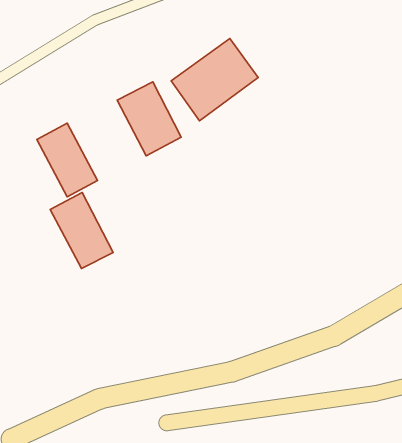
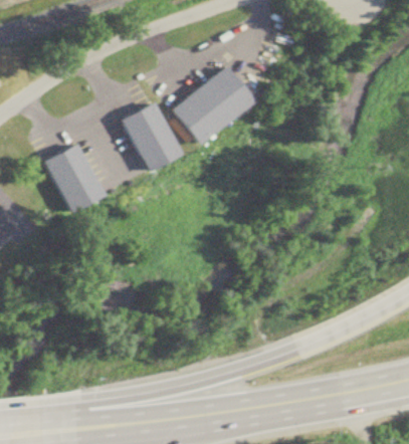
building: [50,193,113,268] -> none

